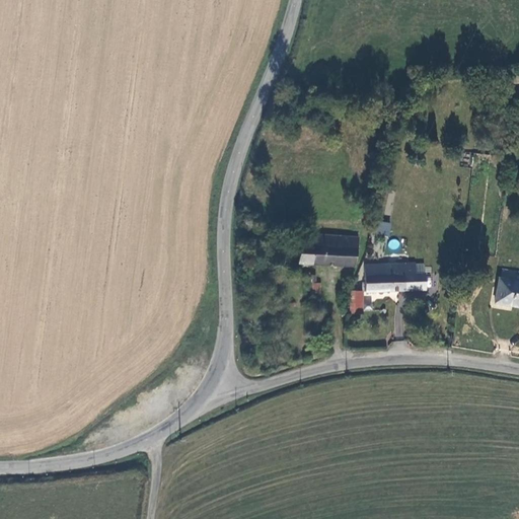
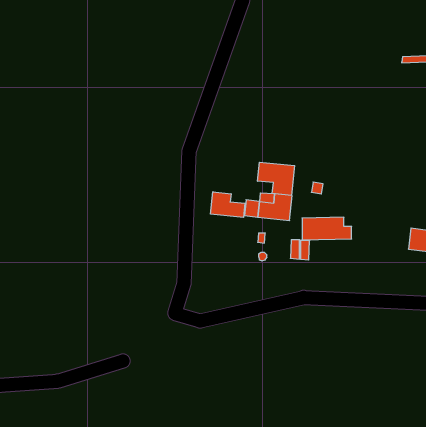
building: none -> [258,162,295,195]
building: none -> [211,192,245,217]

